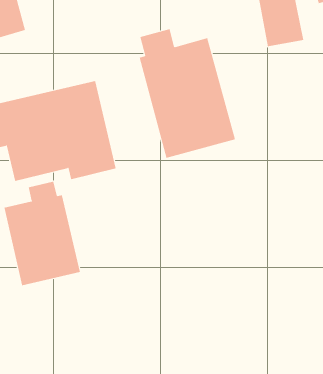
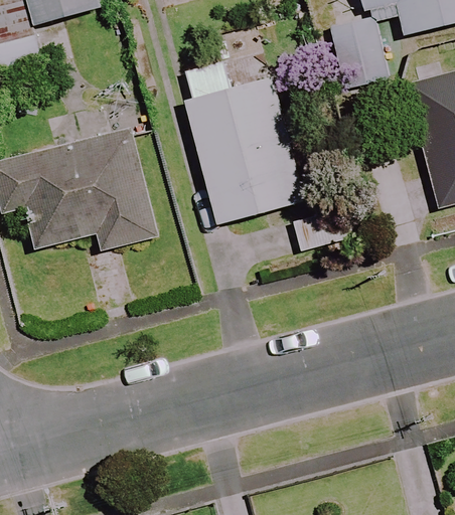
building: [4,181,81,286] -> none

